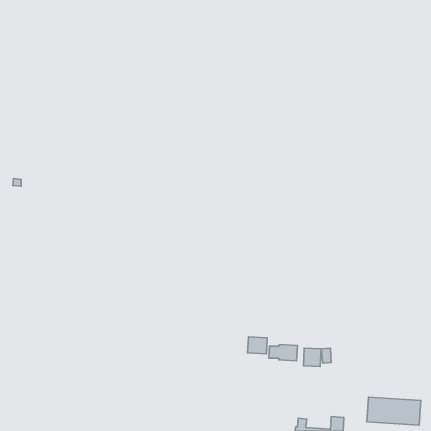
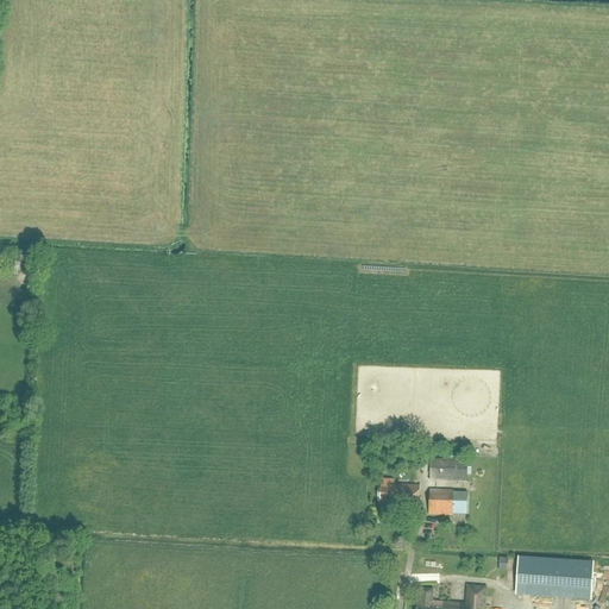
building: none -> [428,458,465,481]
building: [248,337,267,354] -> none

